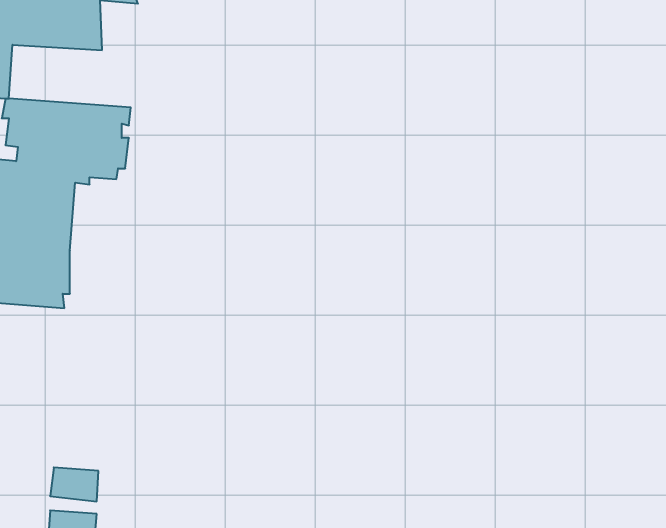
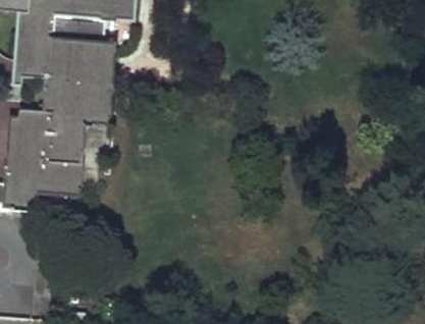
building: none -> [45,44,117,79]

